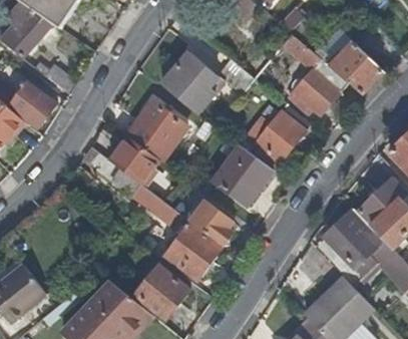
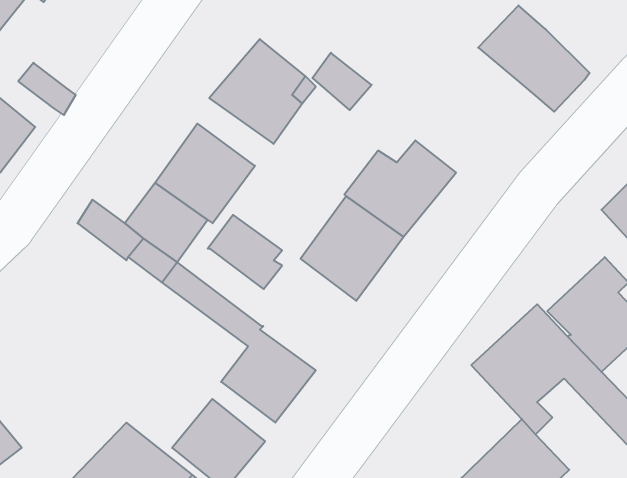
building: [282,33,349,113] -> none
building: [189,201,234,245] -> [208,215,282,289]

